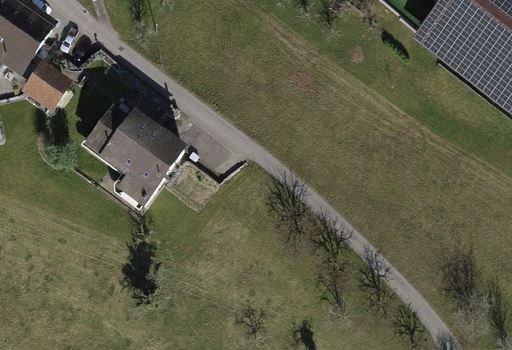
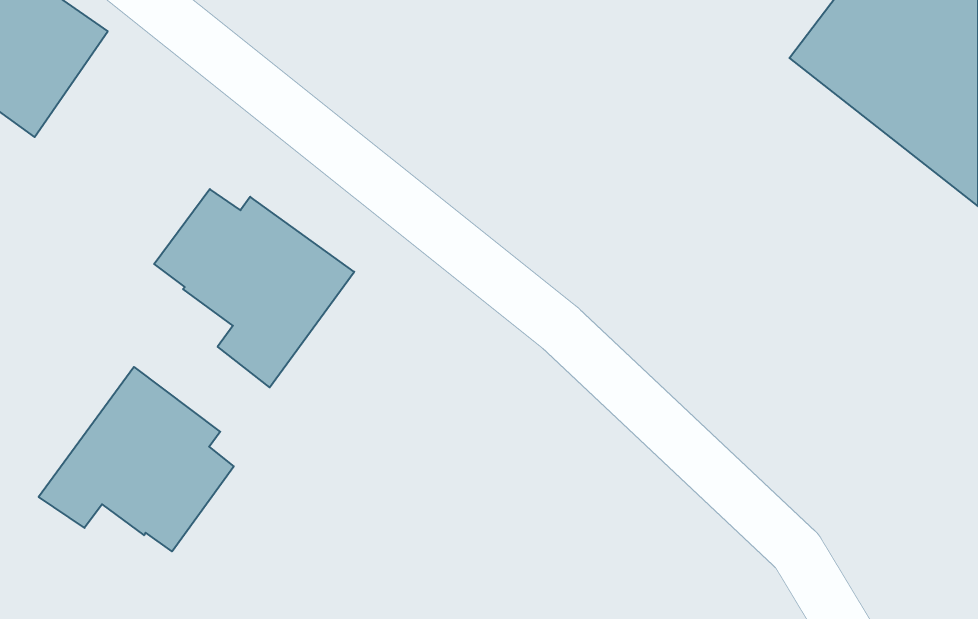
building: [21,57,74,109] -> none
building: none -> [39,367,234,551]

